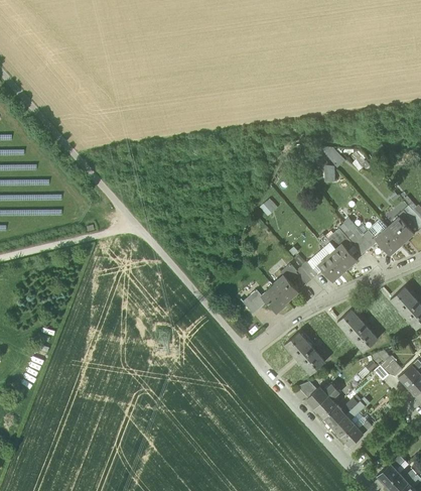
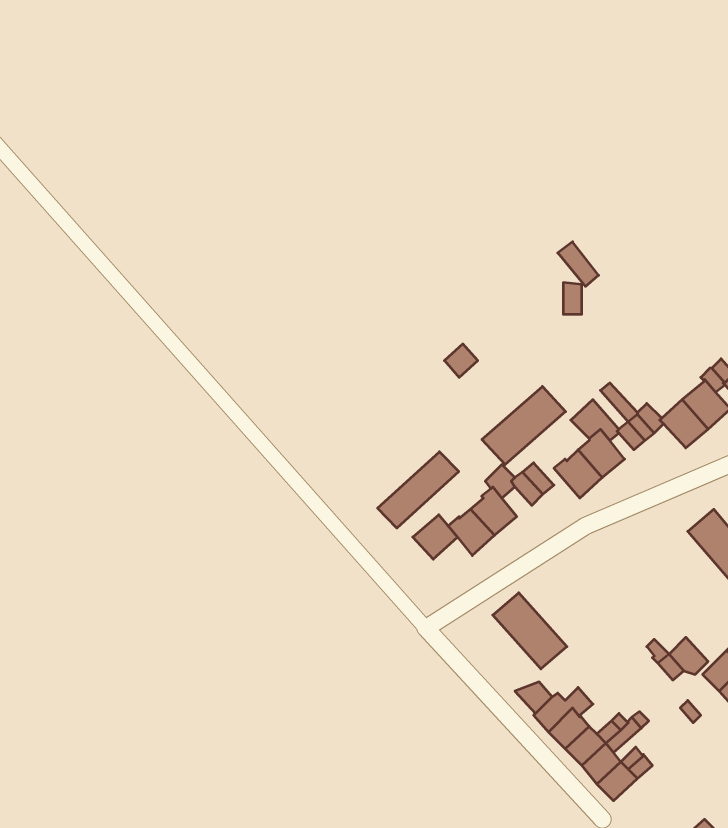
building: none -> [482,386,566,465]
building: none -> [378,452,459,528]
building: [337,310,378,352] -> none

